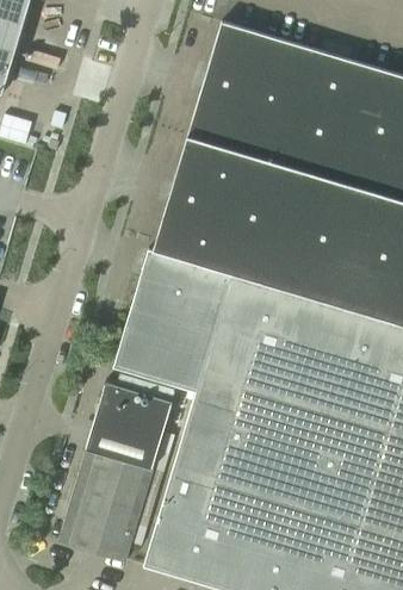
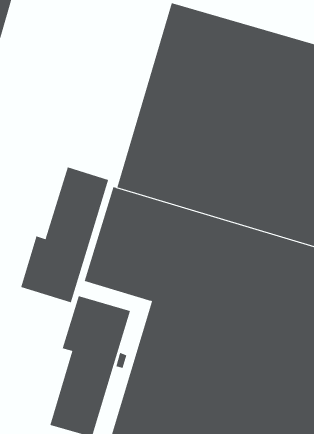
building: none -> [21,167,109,303]

